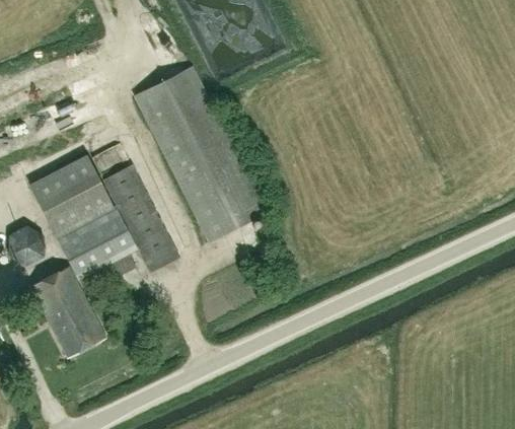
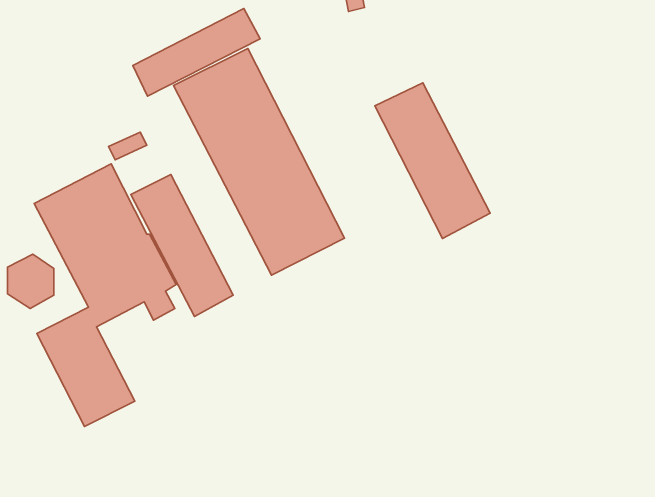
building: none -> [133,8,260,96]
building: none -> [375,83,490,239]

